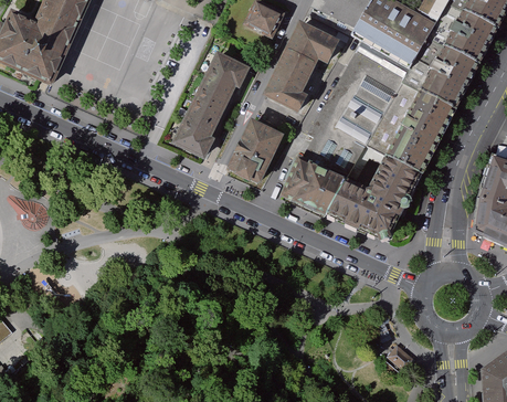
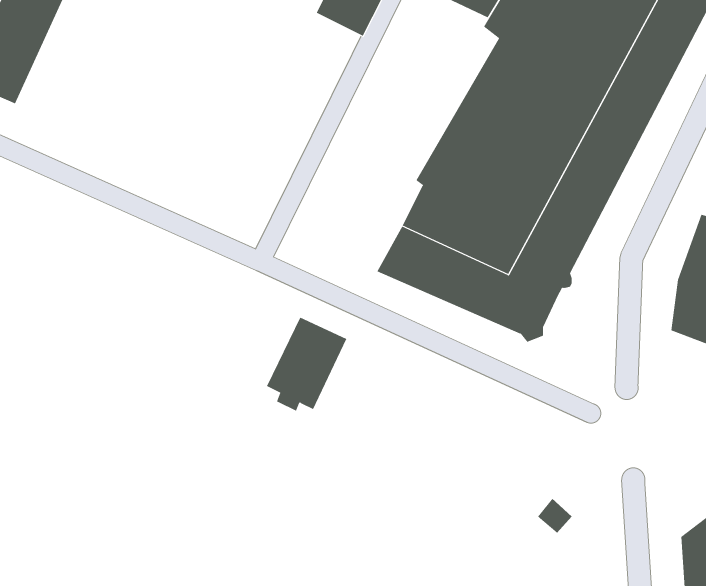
building: [264,21,340,113] -> none
building: [173,54,246,157] -> none
building: [229,121,282,183] -> [266,317,347,411]

